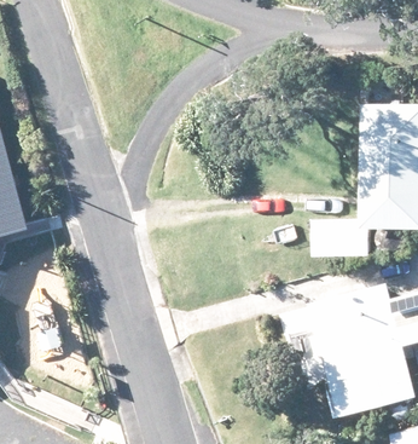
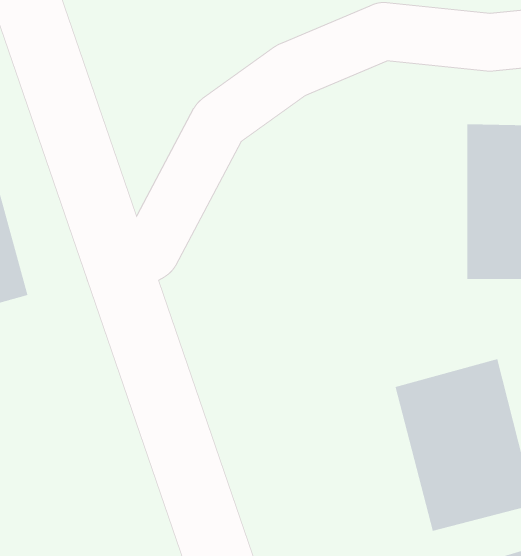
building: [302,218,360,254] -> none

